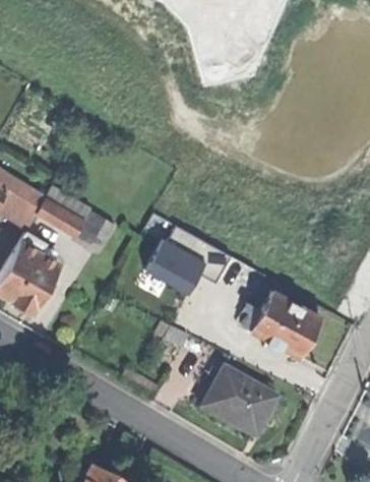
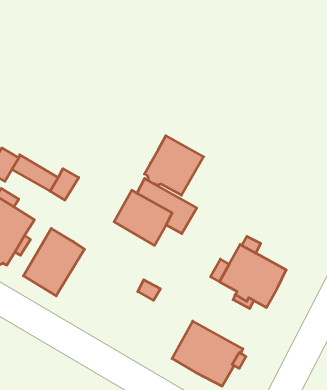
building: none -> [144,136,204,195]
building: none -> [23,228,85,296]

